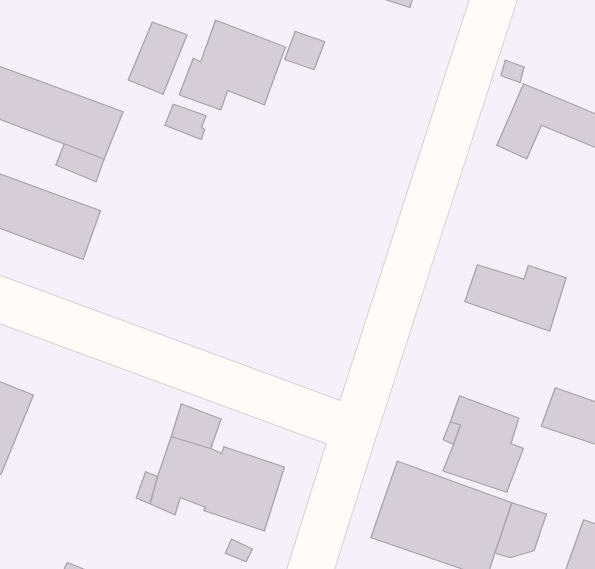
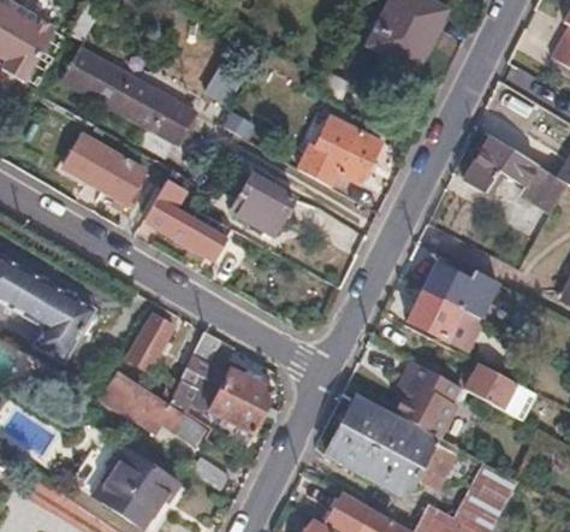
building: [179,20,285,110] -> [298,118,381,185]
building: none -> [231,175,295,235]
building: none -> [146,170,225,259]
building: none -> [408,289,485,351]
building: none -> [127,317,172,370]
building: none -> [103,373,207,447]

